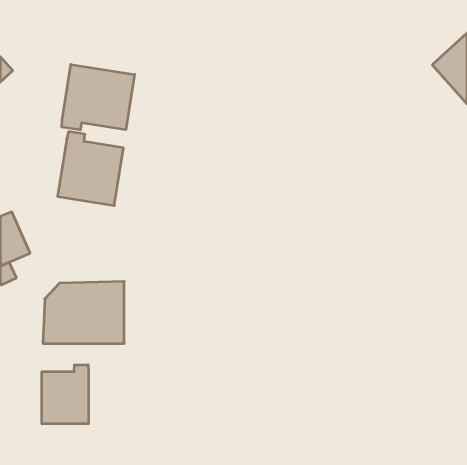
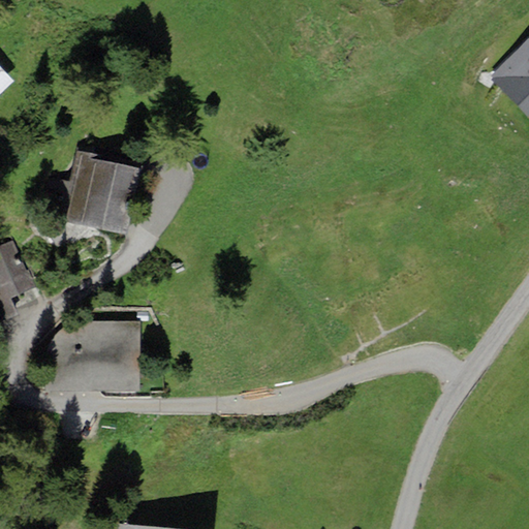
building: [62,64,135,130] -> none
building: [42,365,89,424] -> none

